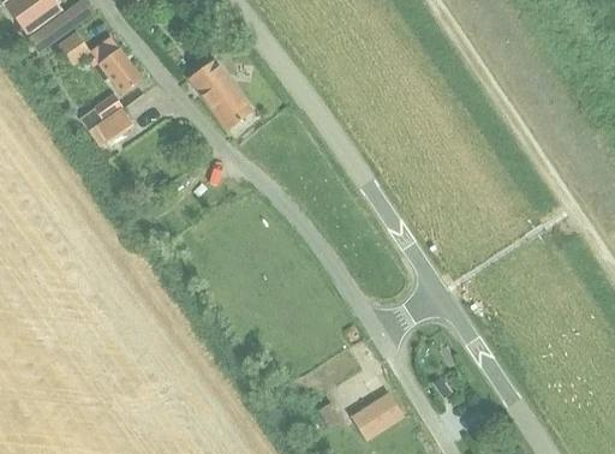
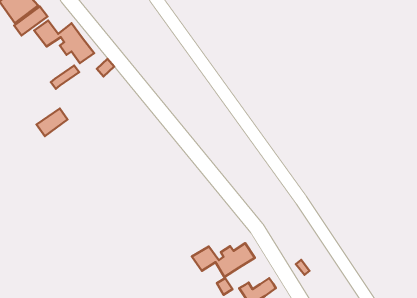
building: [191,60,250,129] -> none
building: [88,107,132,147] -> [37,109,67,136]
building: none -> [192,243,255,277]

